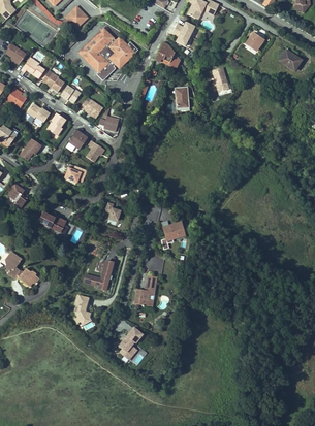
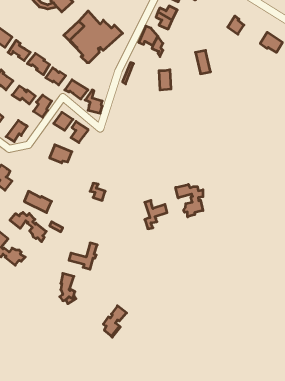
building: none -> [176,184,203,217]
building: none -> [10,212,46,242]
building: [134,274,156,305] -> none

